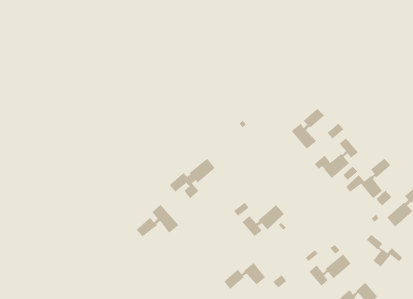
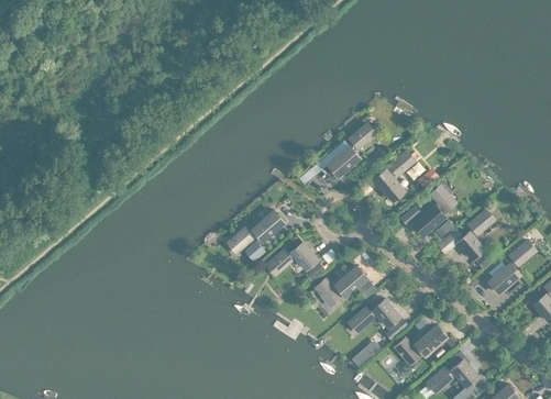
building: none -> [321,124,374,181]
building: [136,204,179,237] -> [265,235,317,275]
building: [366,234,403,267] -> none
building: [223,262,266,290] -> [348,300,398,333]

